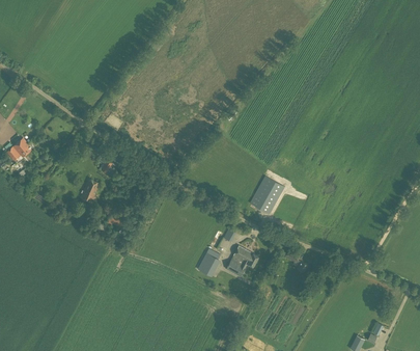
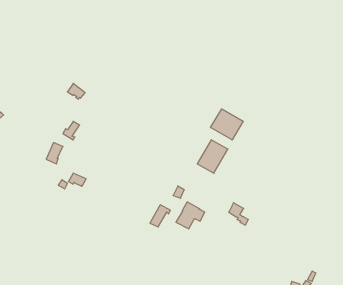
building: none -> [211,109,243,140]

